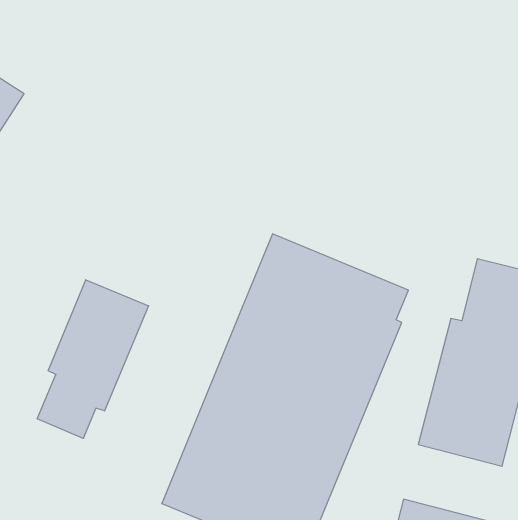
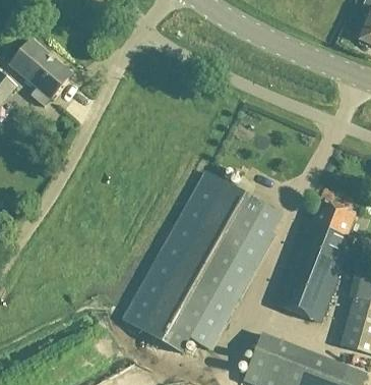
building: [37,280,149,438] -> none

